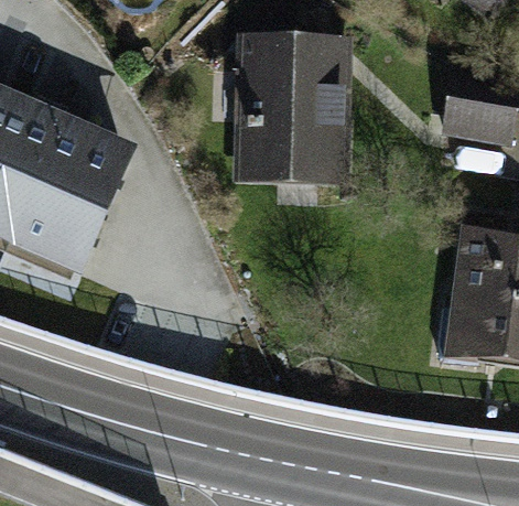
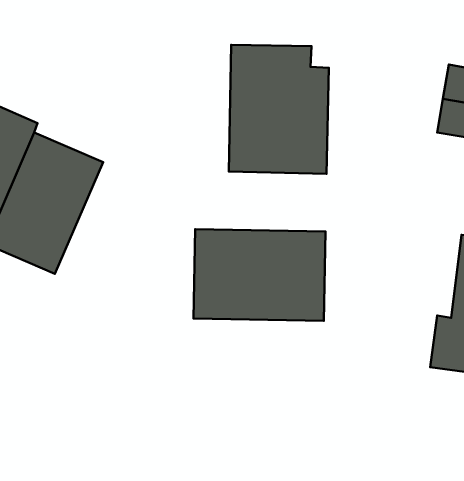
building: none -> [193,229,326,321]

